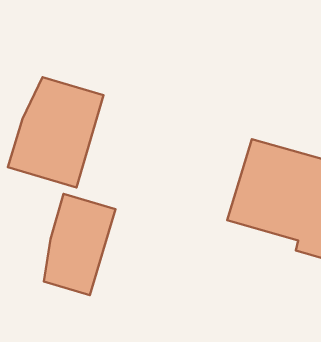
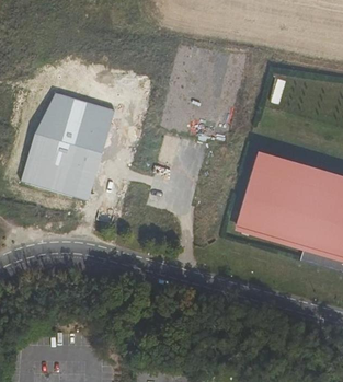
building: [44,194,115,295] -> none

